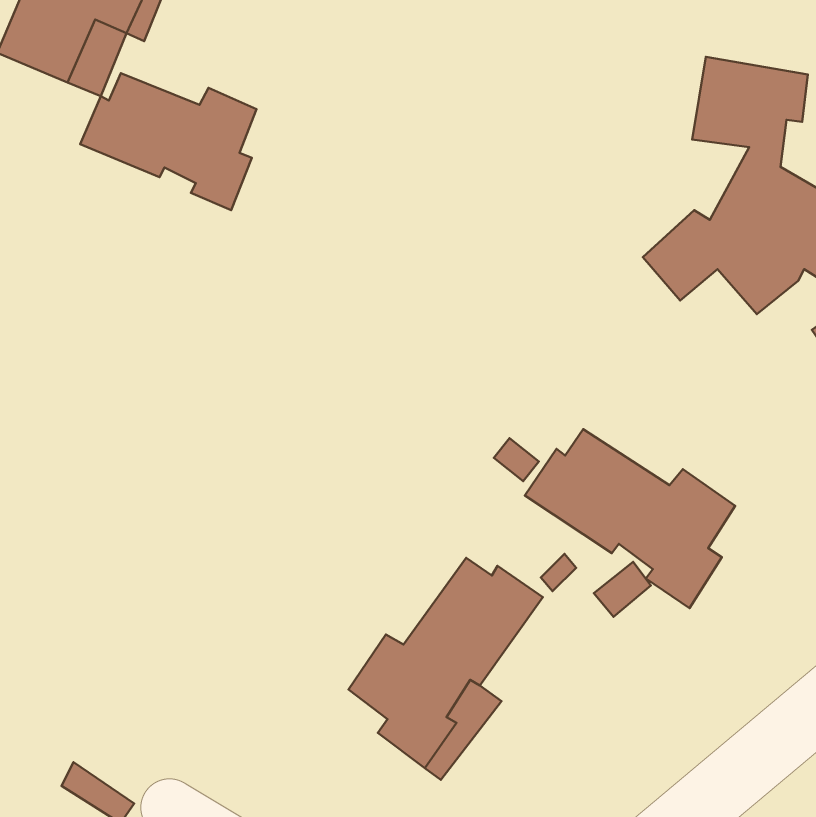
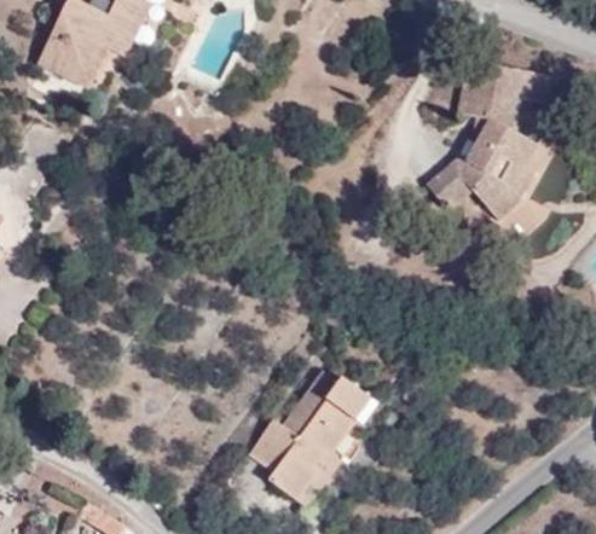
building: [80,73,257,210] -> none
building: [525,429,735,608] -> none

